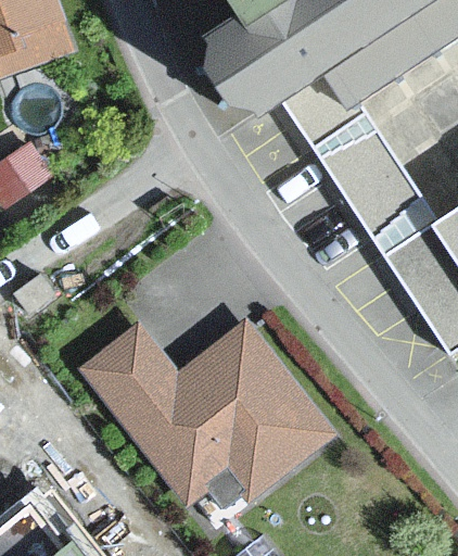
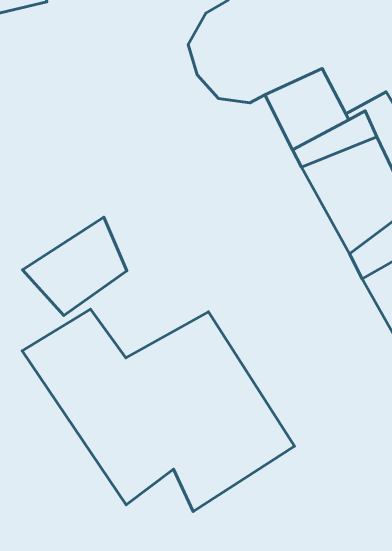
building: none -> [22,217,127,316]

